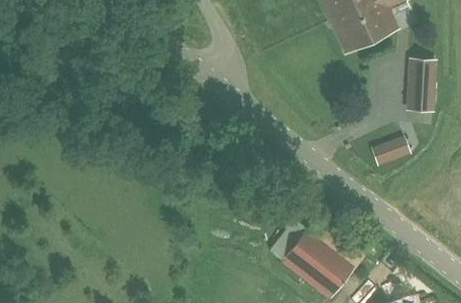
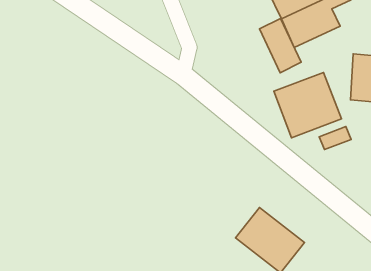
building: none -> [260,18,301,73]
building: none -> [274,72,341,138]

